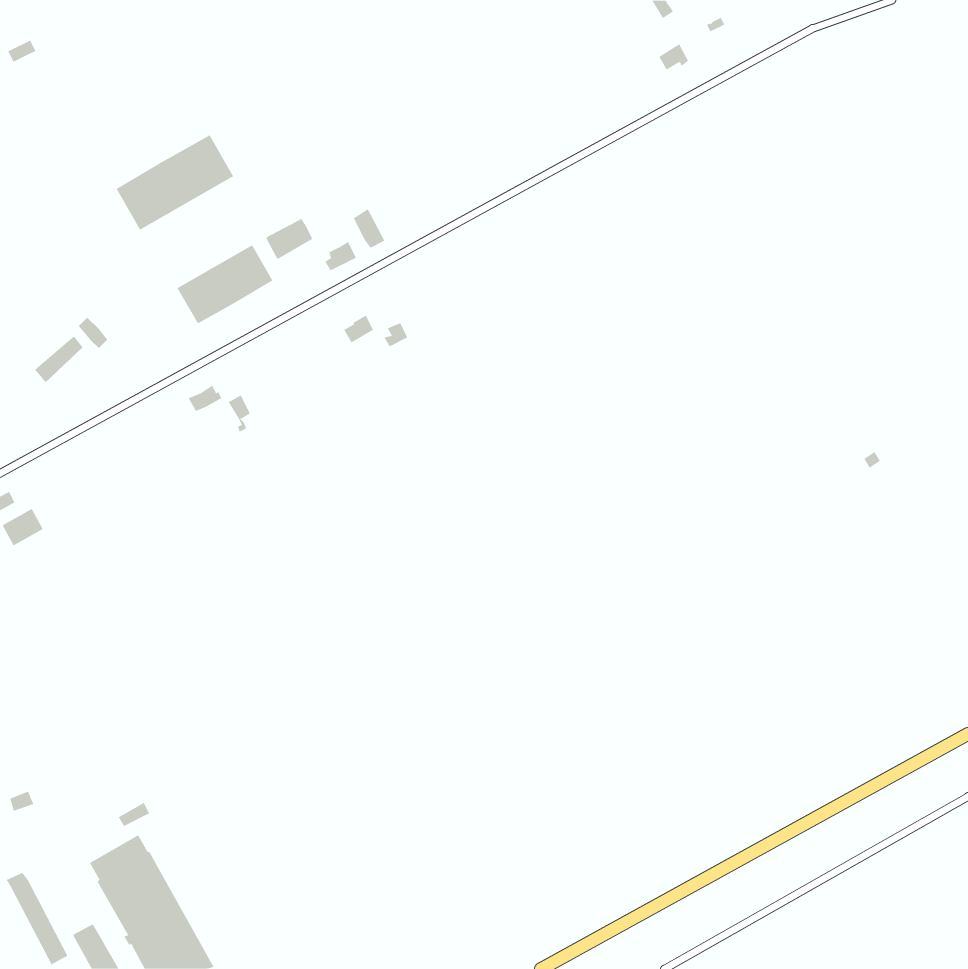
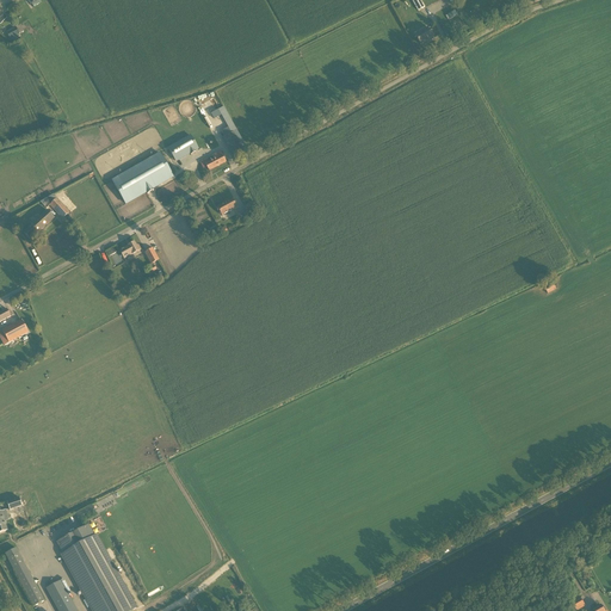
building: [116,134,234,231] -> none

